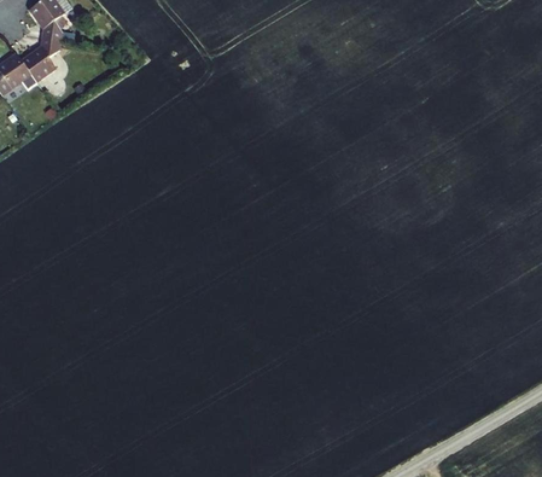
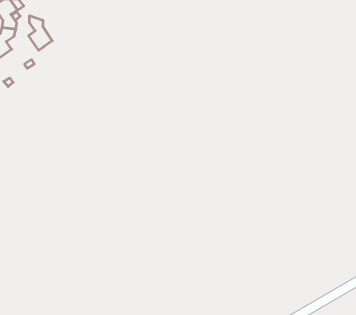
building: none -> [29,16,52,50]

